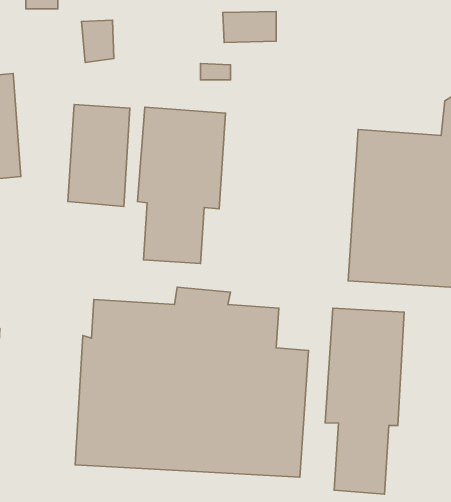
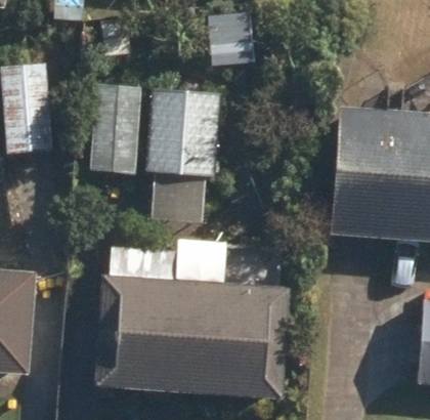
building: [325,308,404,494] -> none

